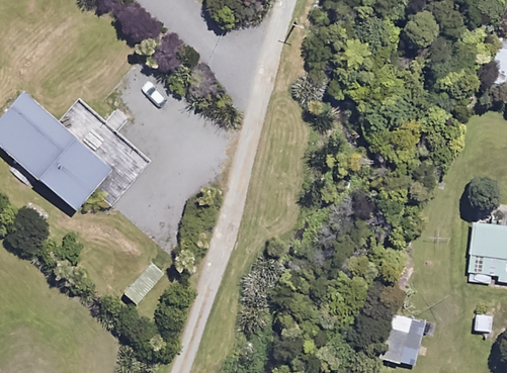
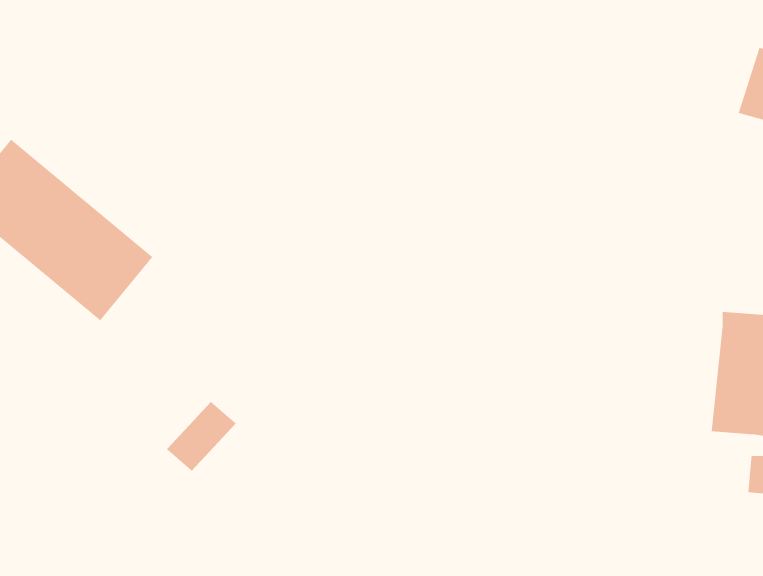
building: [379,314,424,366] -> none

